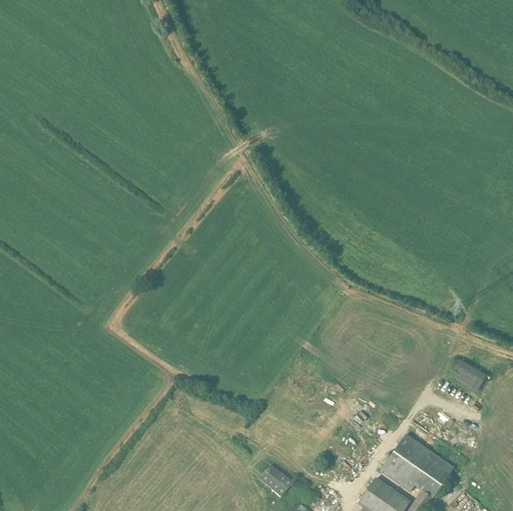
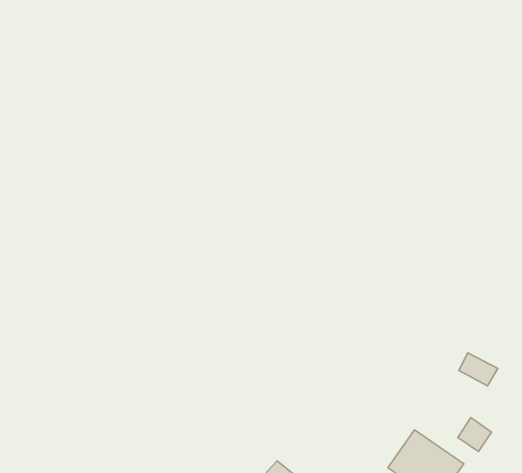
building: none -> [458,418,492,451]

